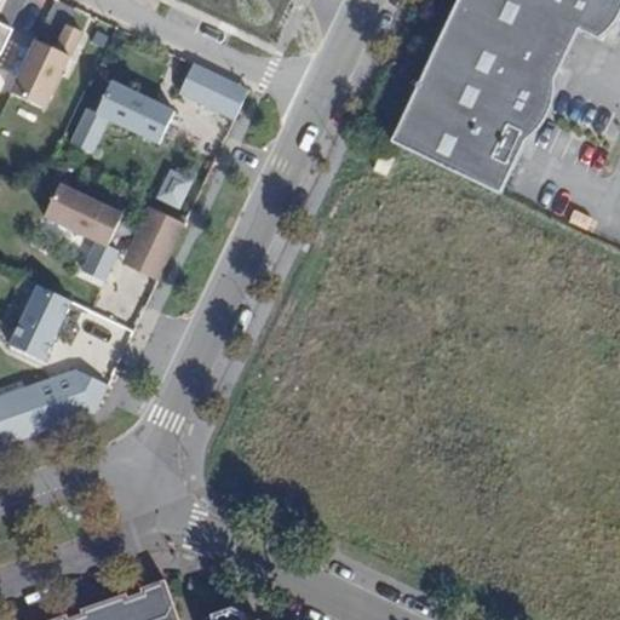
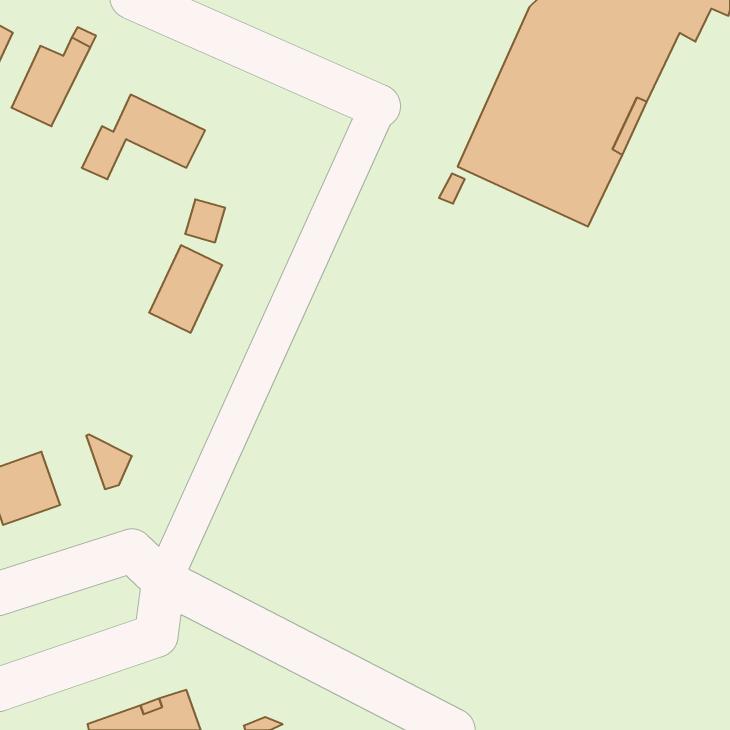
building: [183,64,252,120] -> none
building: [48,185,126,282] -> none
building: [11,285,74,361] -> none
building: [35,368,88,426] -> none

